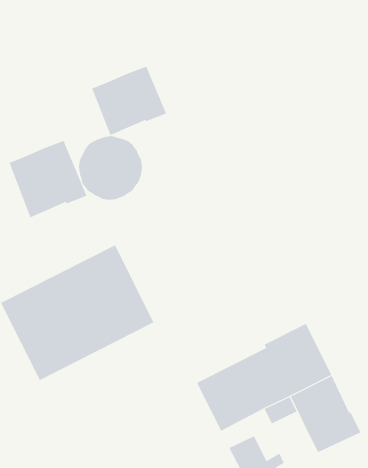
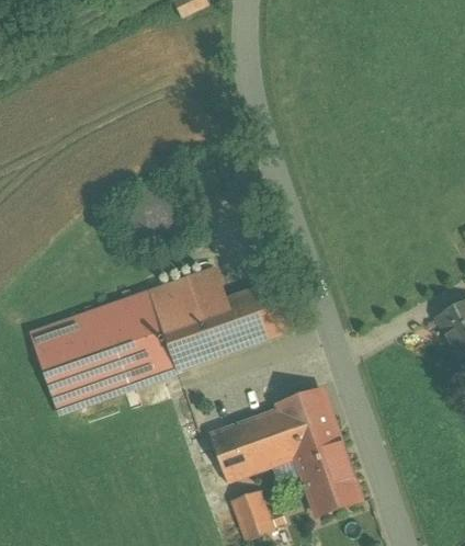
building: [92,66,167,136] -> none
building: [9,140,87,218] -> none
building: none -> [149,268,299,369]

